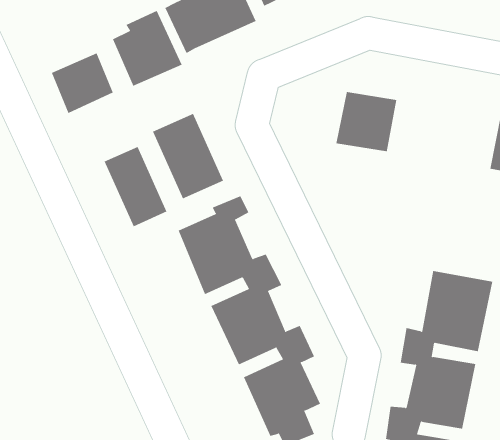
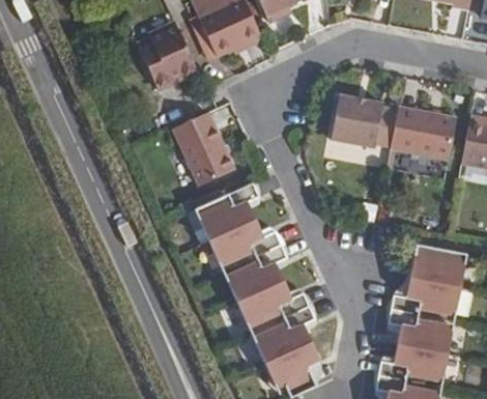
building: [51,53,113,114] -> none
building: none -> [392,106,458,158]
building: [104,146,167,227] -> none

